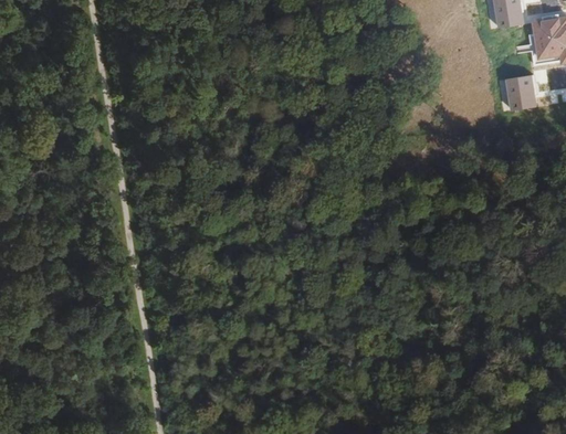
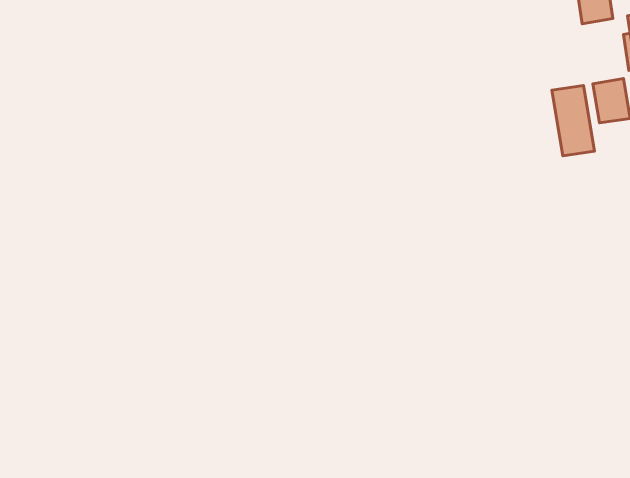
building: none -> [552,86,594,156]

